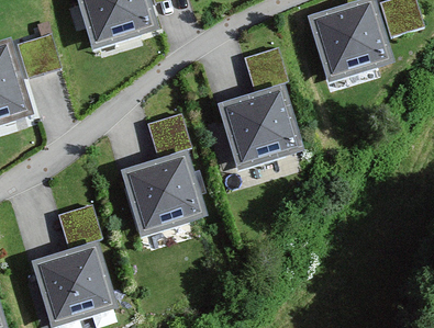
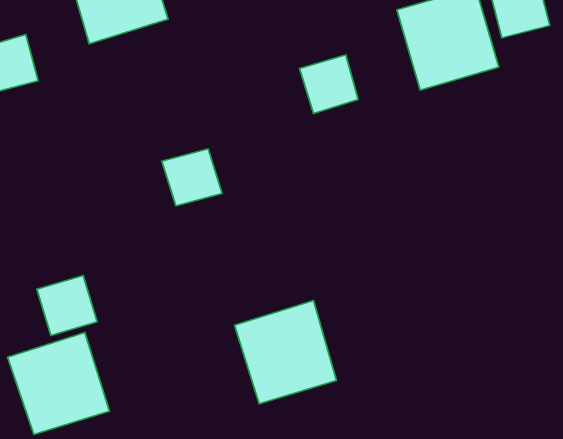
building: [222,92,293,163] -> none
building: [125,157,198,230] -> [235,300,337,404]

